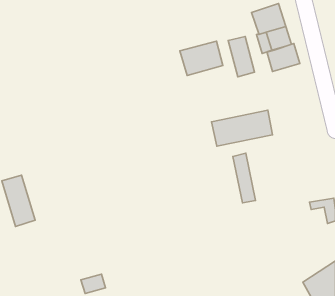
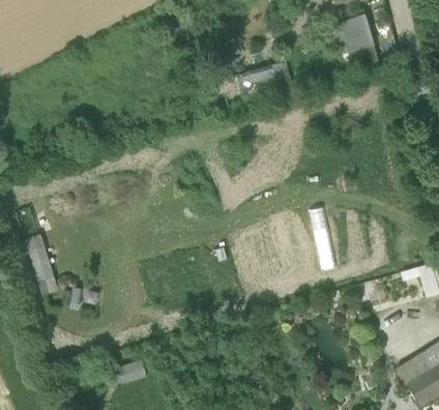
building: [228,36,254,77] -> none
building: [267,44,300,72] -> none
building: [211,110,272,146] -> none

